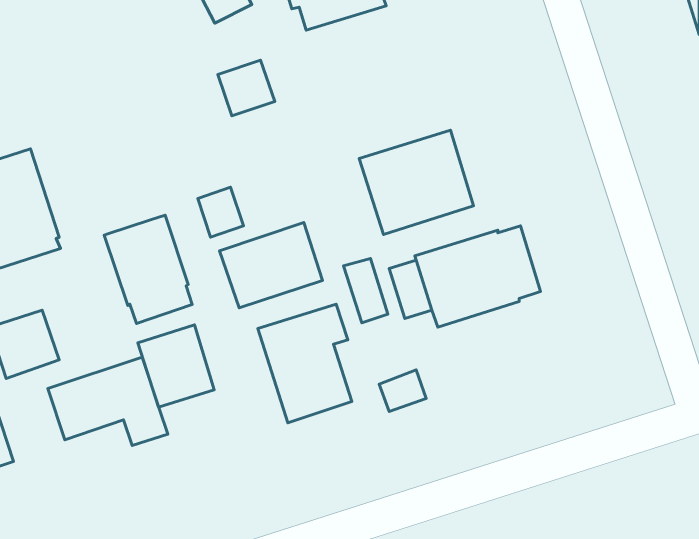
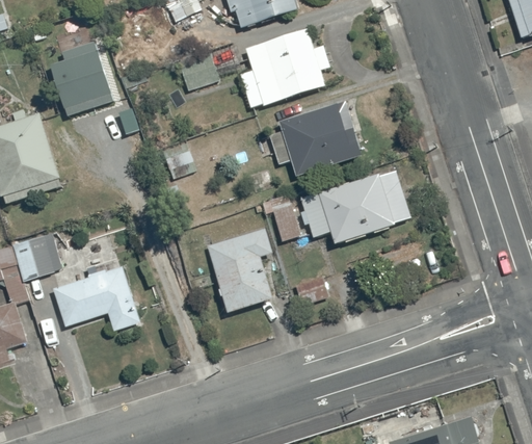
building: none -> [238,29,329,108]
building: none -> [50,42,111,116]
building: [104,215,192,324] -> none
building: [219,223,323,308] -> none
building: [138,325,214,407] -> none

